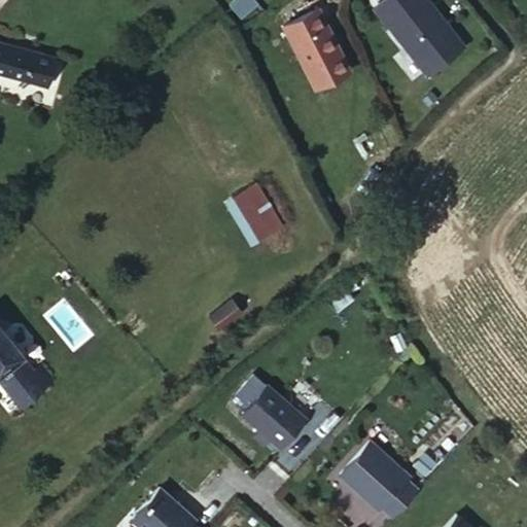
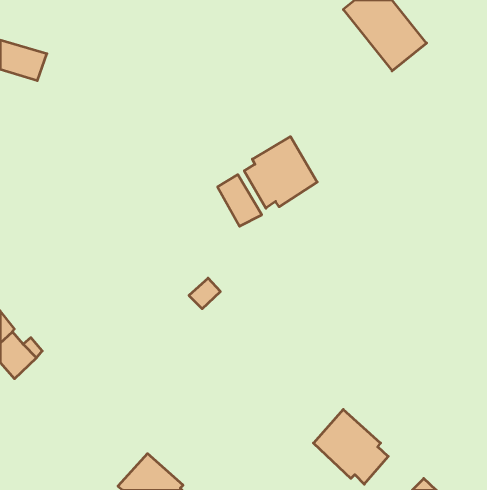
building: [281,12,350,94] -> none
building: none -> [244,137,317,208]
building: [242,385,308,452] -> none

